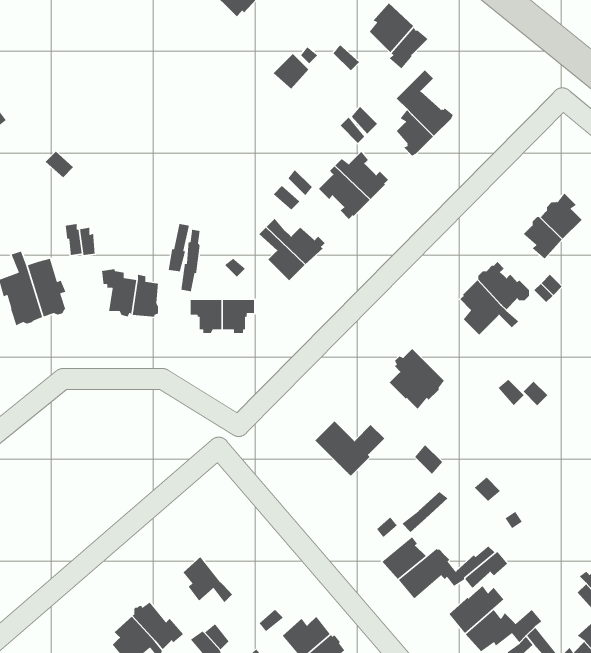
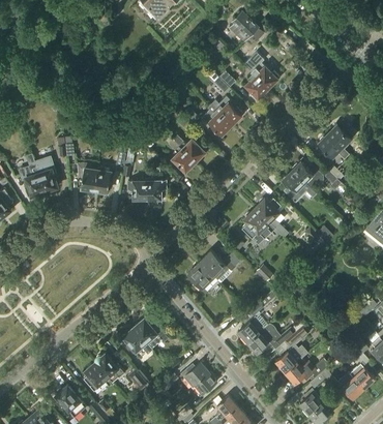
building: none -> [256,198,288,238]
building: none -> [187,262,218,291]
building: none -> [135,320,169,349]

